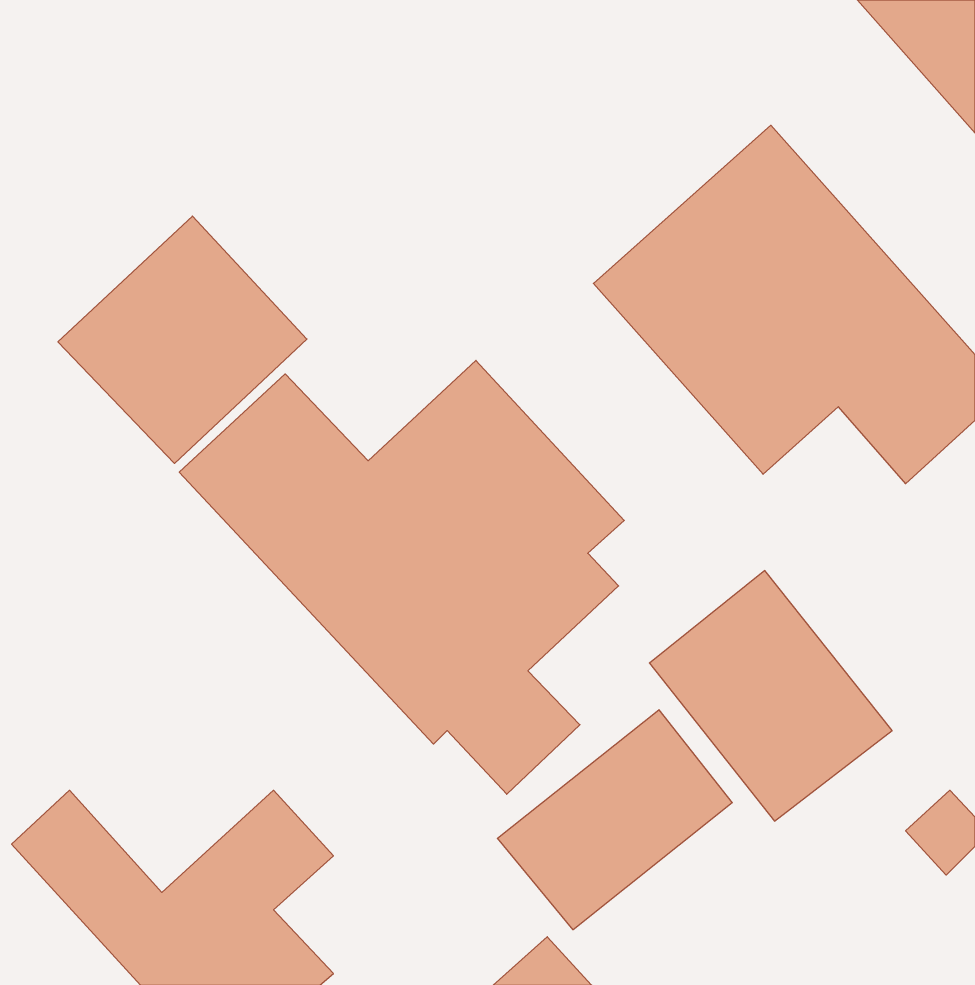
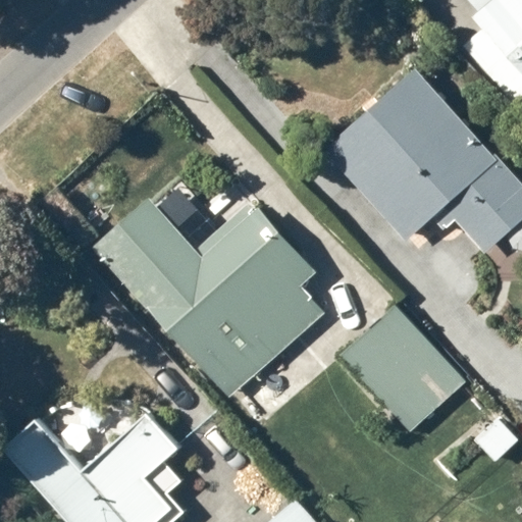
building: [58,216,307,463] -> none
building: [497,710,732,930] -> none

